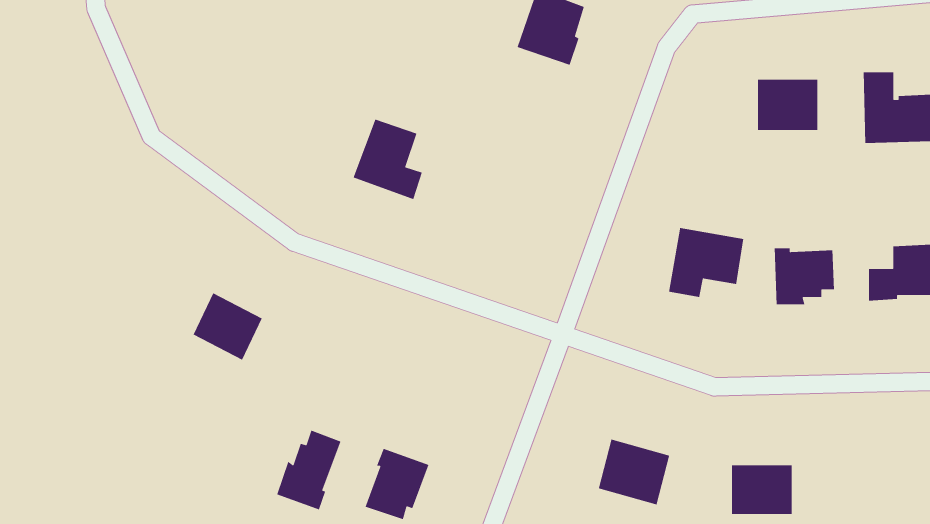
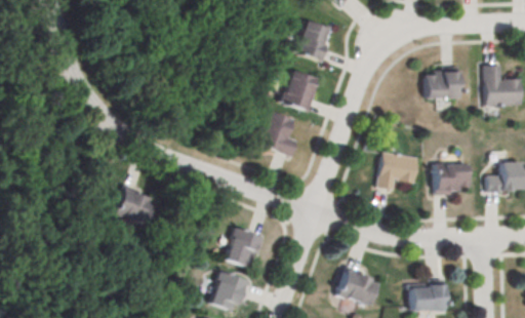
building: none -> [280,69,315,112]
building: [353,118,423,200] -> [257,113,296,158]
building: none -> [224,230,259,270]
building: [276,430,341,511] -> none

